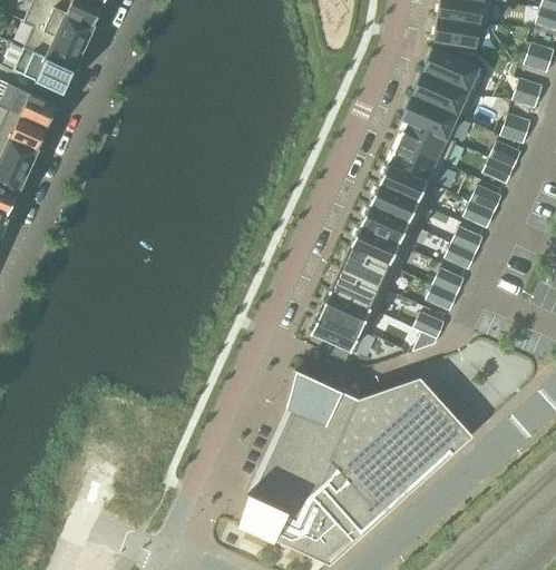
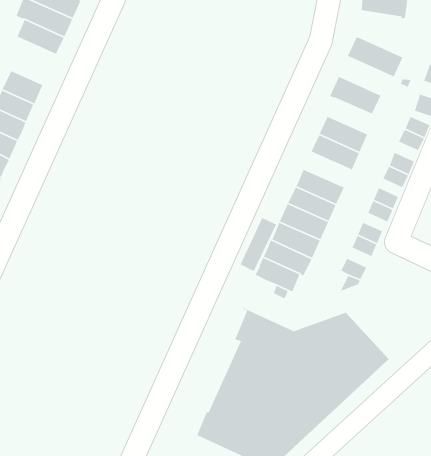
building: [432,16,485,48] -> none
building: [13,47,74,92] -> none
building: [410,70,477,120] -> none
building: [397,120,457,164] -> none
building: [368,185,427,227] -> none
building: none -> [239,217,277,272]

